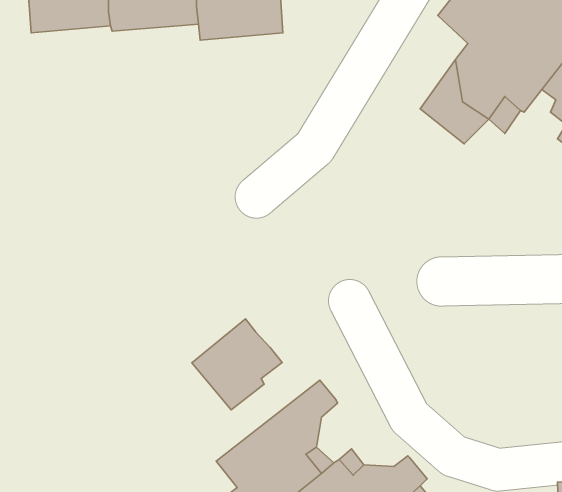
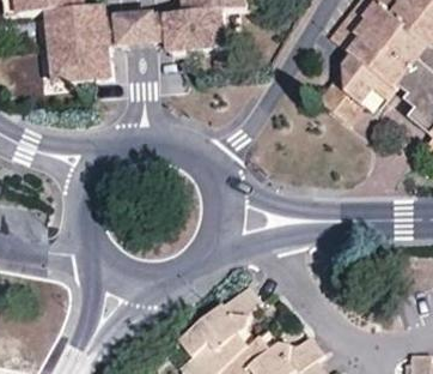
building: none -> [51,42,109,83]
building: [192,319,282,410] -> none

